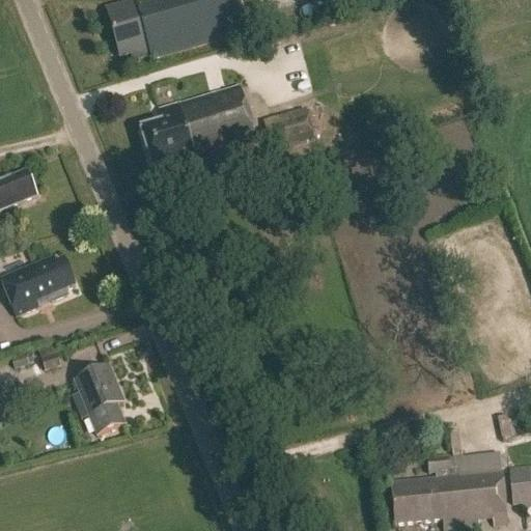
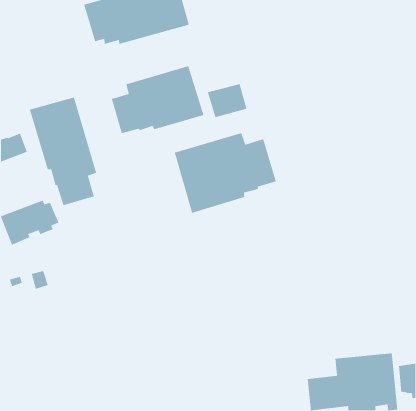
building: none -> [29,96,97,206]
building: none -> [174,132,277,214]
building: [74,364,124,434] -> none

